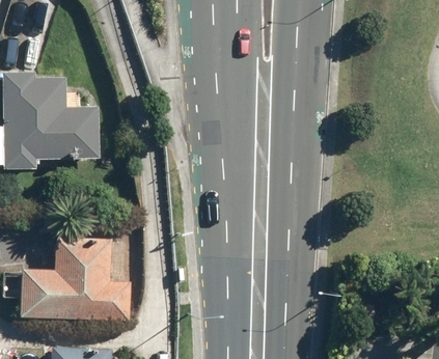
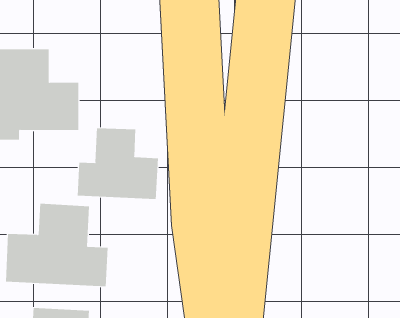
building: none -> [77,127,159,200]

